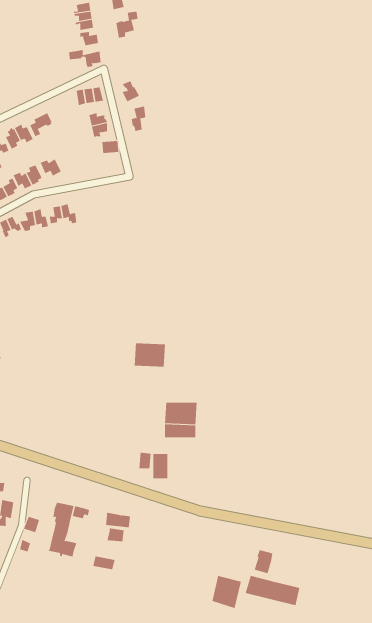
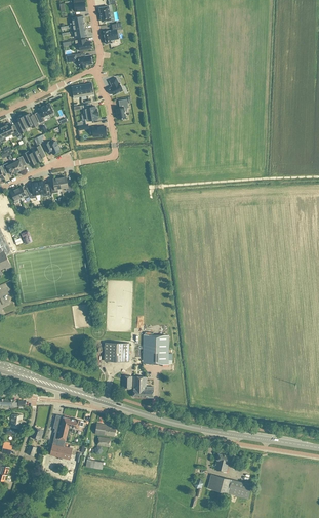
building: [134,343,166,367] -> [104,343,129,362]
building: [212,575,241,609] -> none

